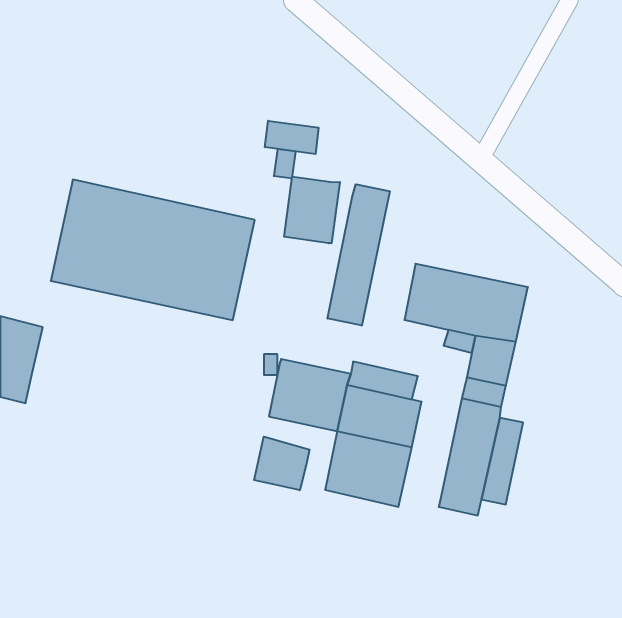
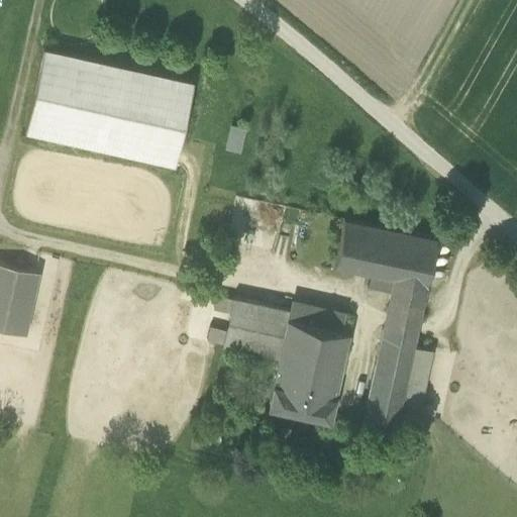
building: [265,121,319,154] -> none
building: [284,177,340,243] -> none
building: [51,180,255,320] -> [26,53,195,169]
building: [328,184,390,326] -> none
building: [254,437,310,490] -> none

